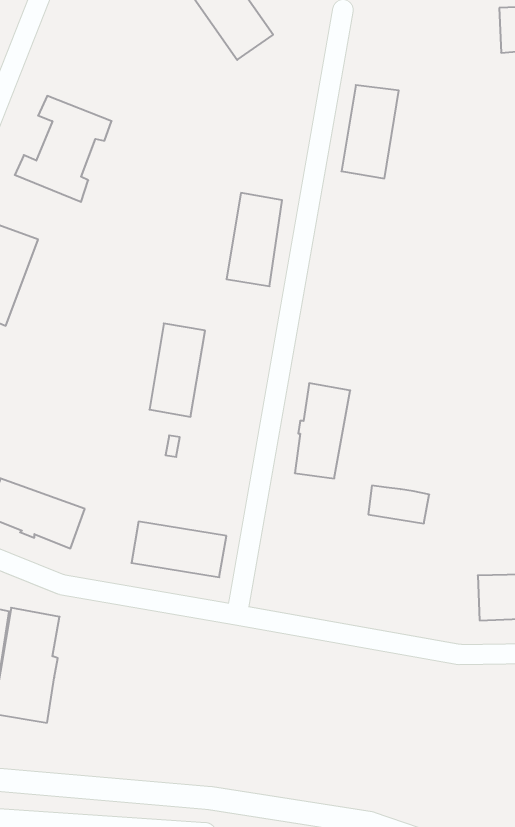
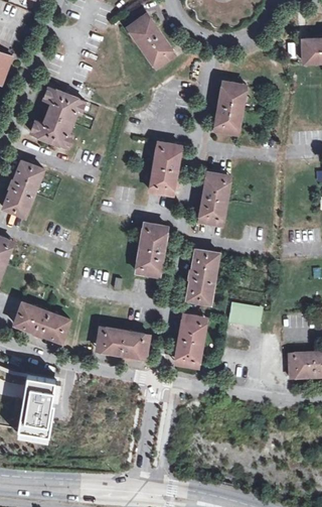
building: none -> [198,170,230,223]
building: [149,323,205,417] -> [136,222,167,274]
building: none -> [174,313,207,366]

